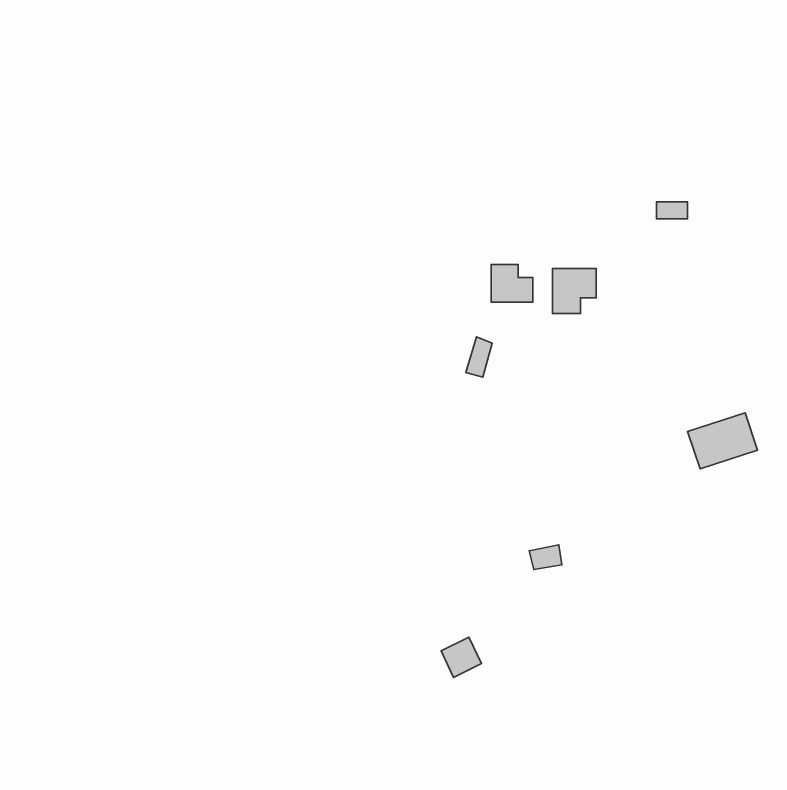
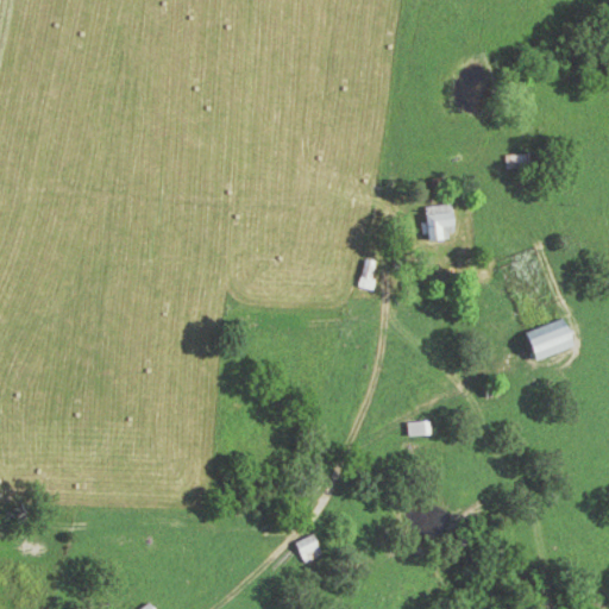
building: [491,265,533,302] -> none
building: [441,637,481,677] -> [293,533,324,564]

